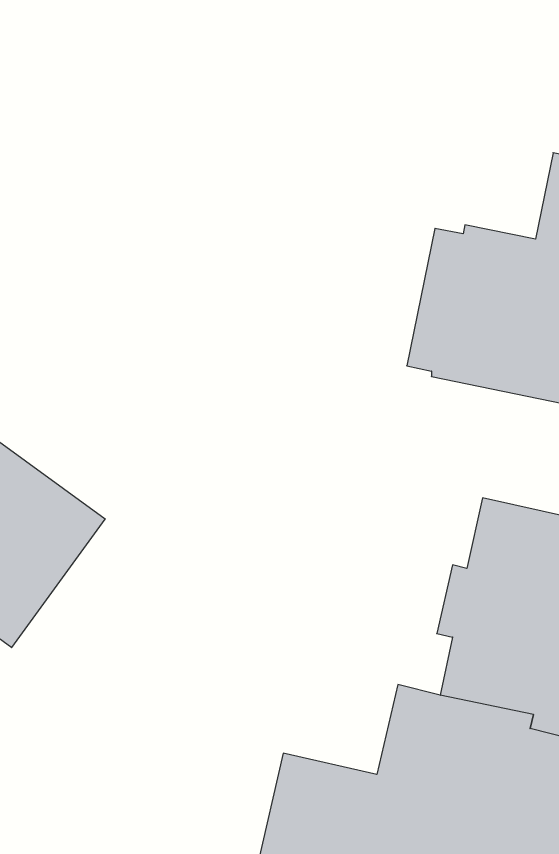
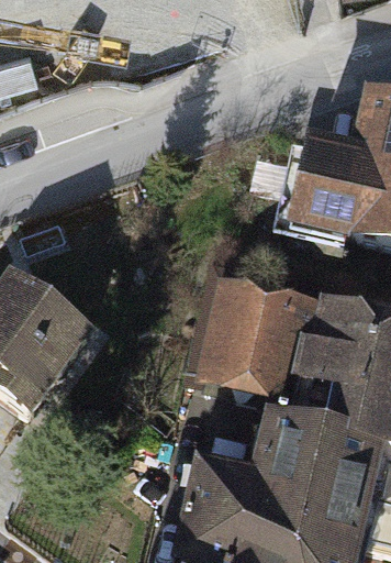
building: none -> [196,277,300,406]

